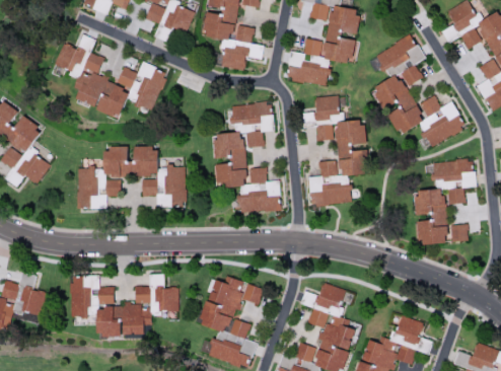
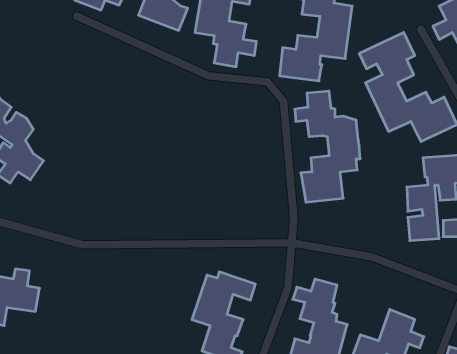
building: [55,34,167,116] -> none
building: [213,100,282,213] -> none
building: [77,145,185,208] -> none
building: [70,273,178,336] -> none

